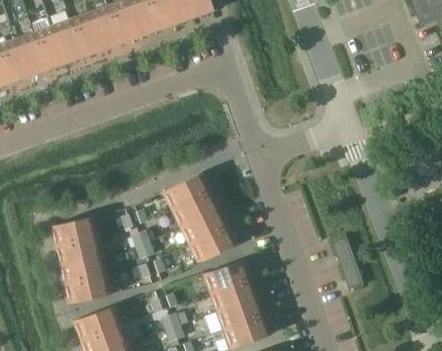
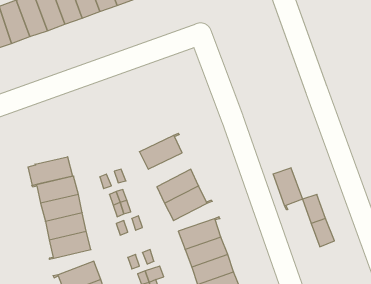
building: [172,192,216,228] -> none
building: none -> [28,157,72,186]
building: none -> [273,168,302,210]

